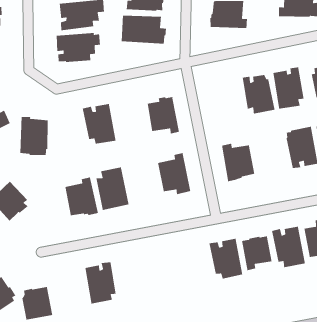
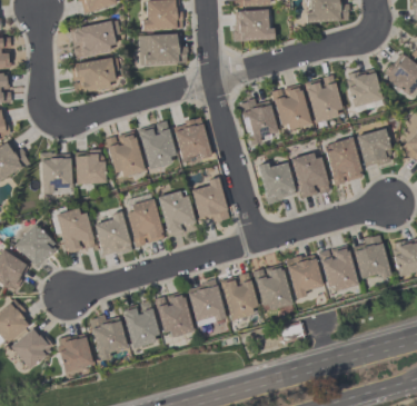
building: none -> [239,98,278,145]
building: none -> [138,120,176,169]
building: none -> [75,149,106,185]
building: none -> [290,152,329,199]
building: none -> [157,190,197,237]
building: none -> [54,208,95,254]
building: none -> [220,273,258,320]
building: none -> [187,278,226,326]
building: none -> [153,290,195,338]
building: none -> [90,314,127,360]

